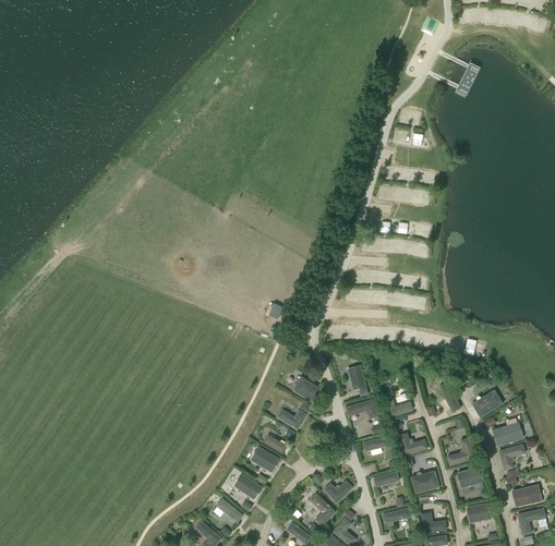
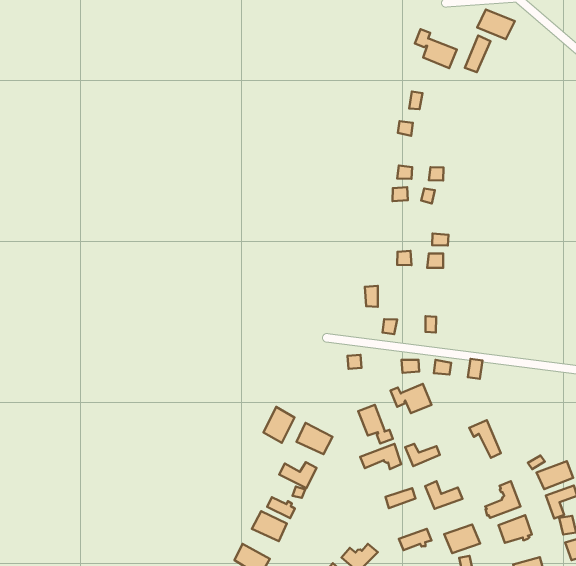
building: none -> [477,9,515,39]
building: none -> [415,29,457,68]
building: none -> [390,384,431,413]
building: none -> [263,407,295,443]
building: [471,388,503,417] -> none

